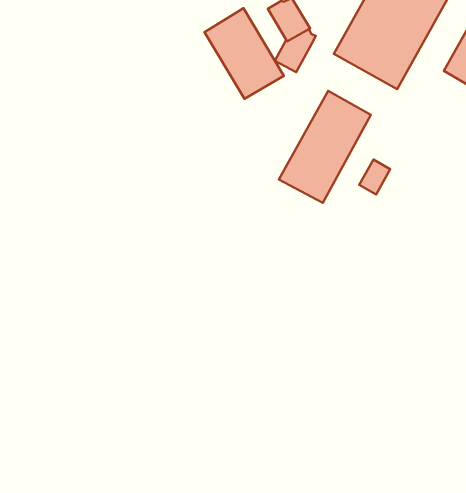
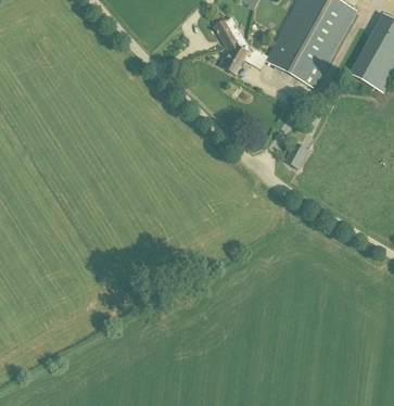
building: [205,8,284,99] -> none
building: [279,91,371,203] -> none

